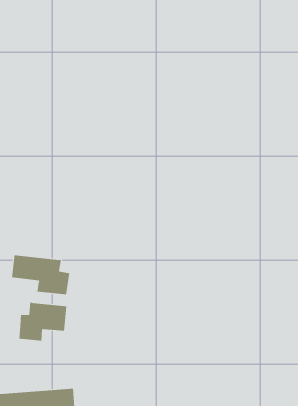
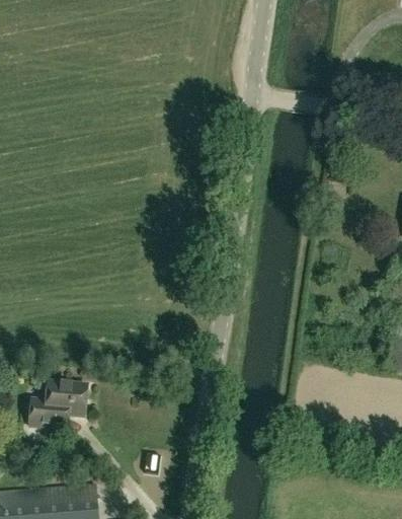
building: [11,254,70,295] -> none

